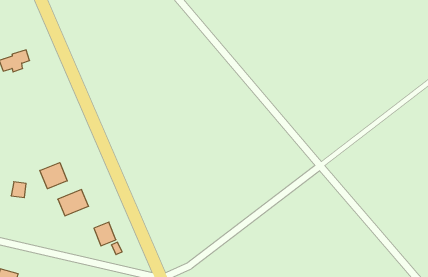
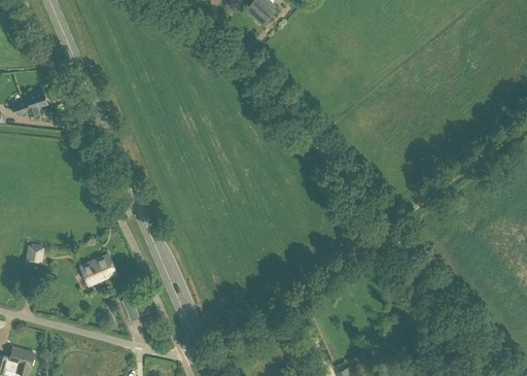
building: [40,163,67,189] -> none

